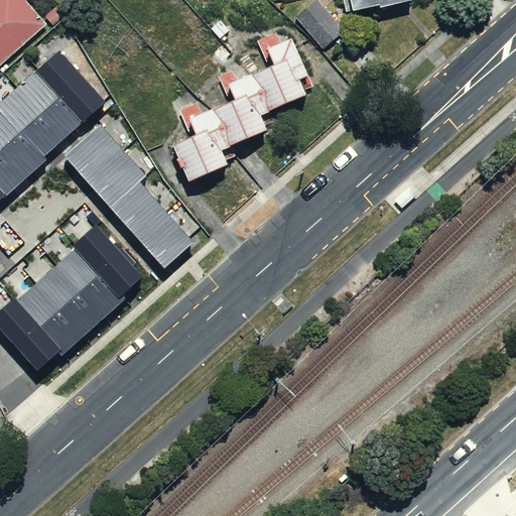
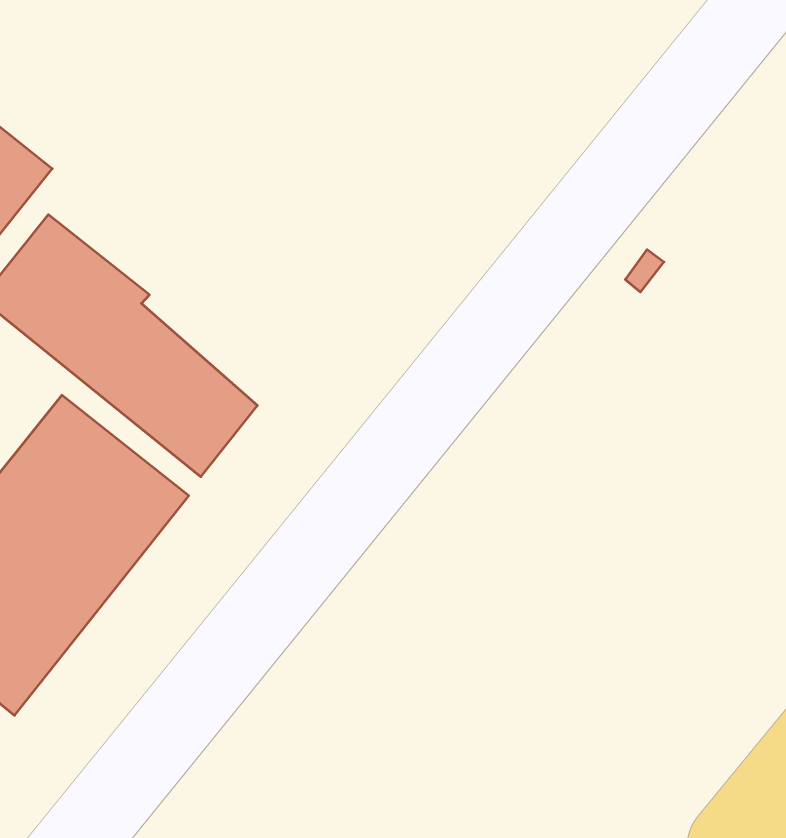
building: [164,38,307,184] -> none

